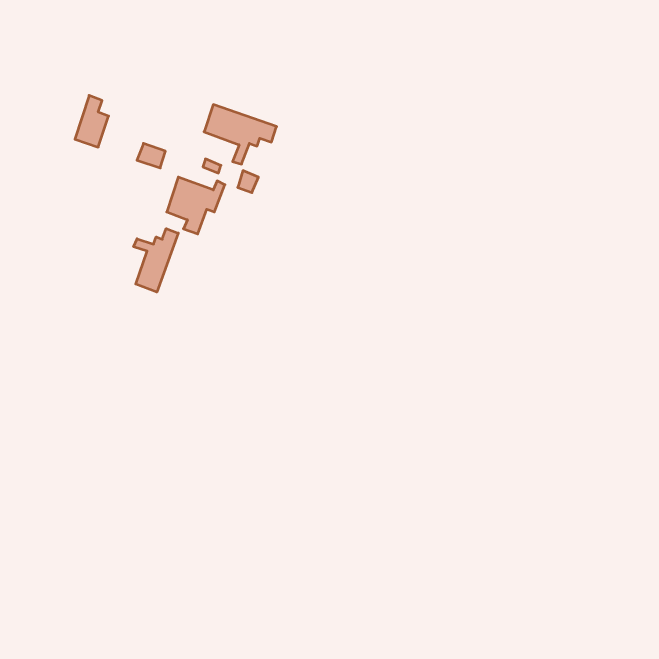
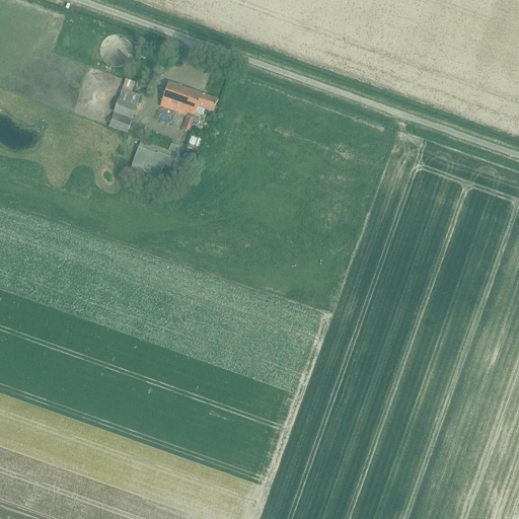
building: [75,95,109,147] -> [114,77,140,118]
building: [134,229,178,292] -> none

